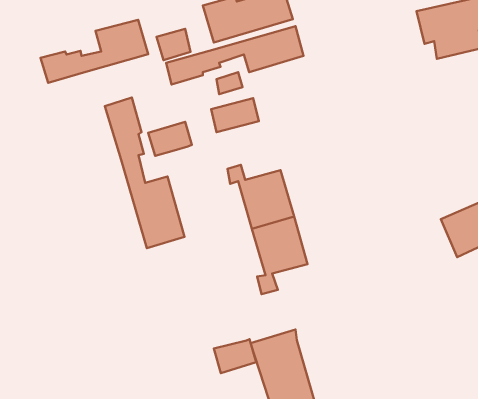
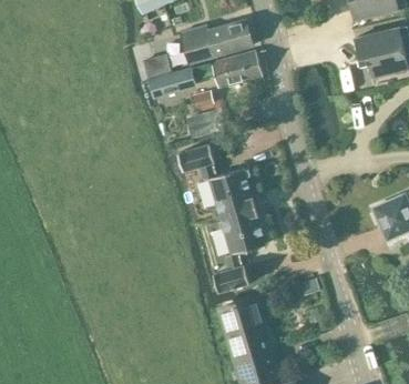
building: [41,20,148,83] -> none
building: [105,98,184,248] -> none
building: [148,122,192,156] -> [180,144,215,172]
building: [214,339,256,373] -> [215,265,249,293]

